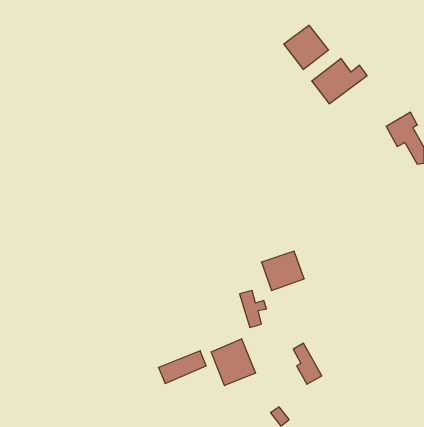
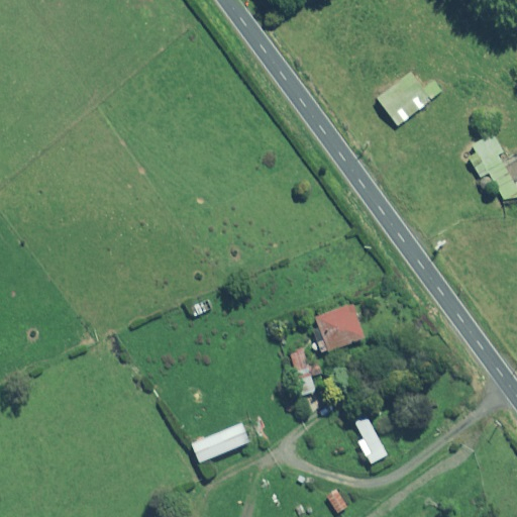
building: [284,25,329,69] -> none
building: [211,339,256,386] -> none

